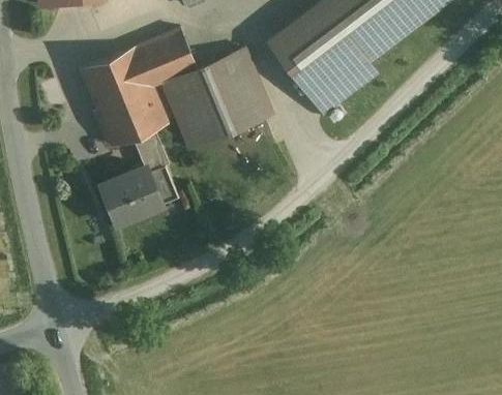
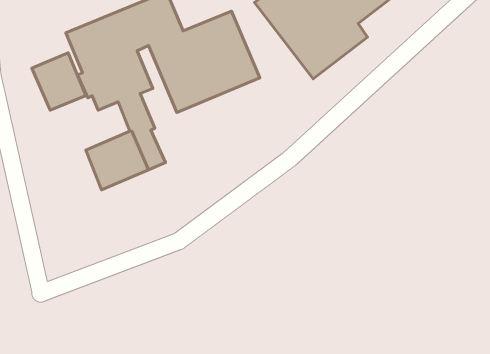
building: none -> [32,53,86,110]

